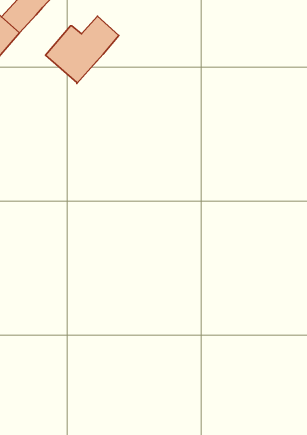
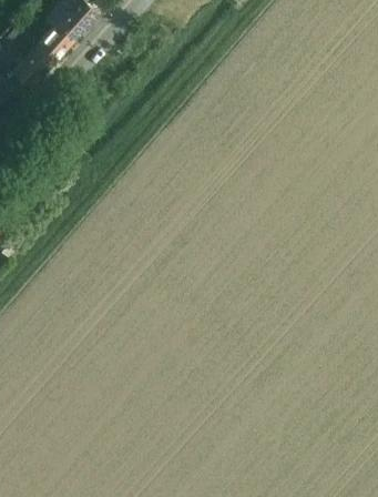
building: [46,16,119,84] -> none

